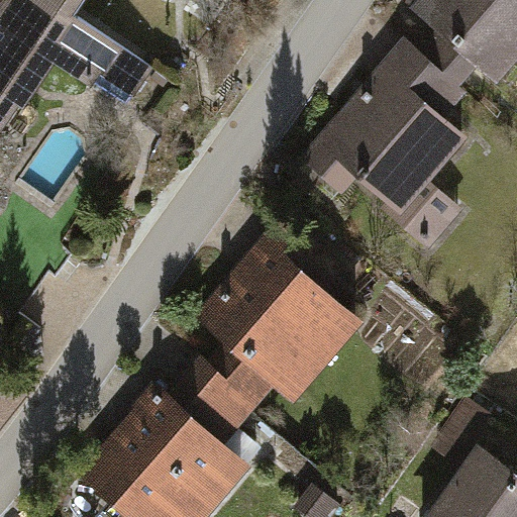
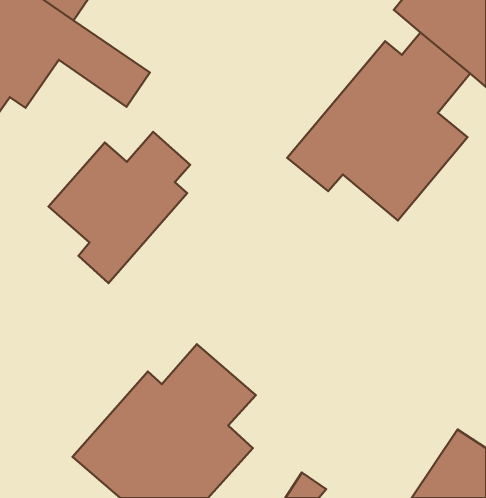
building: none -> [48,132,190,283]
building: [192,226,376,408] -> none

